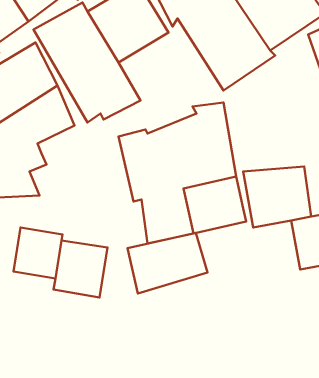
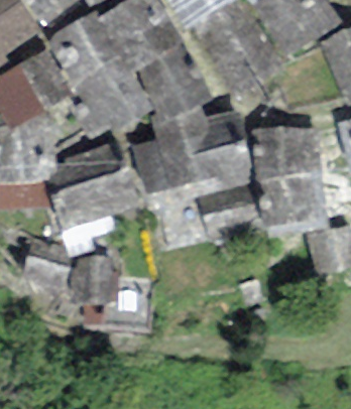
building: none -> [131,39,212,141]
building: none -> [252,122,319,179]
building: none -> [41,138,136,231]
building: [128,233,207,293] -> none

